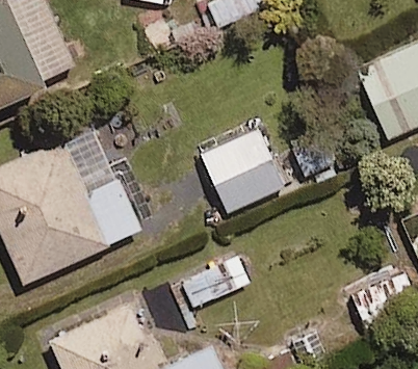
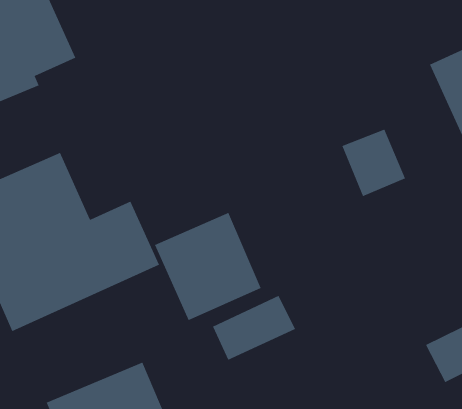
building: [199,127,284,213] -> [154,212,261,321]

